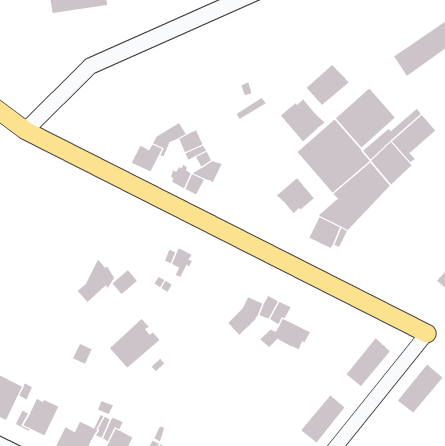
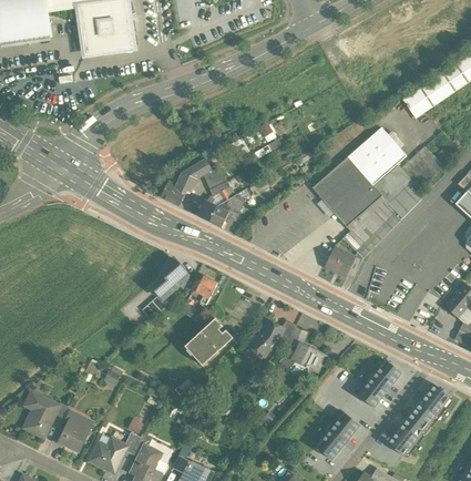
building: [306,64,350,106] -> none
building: [280,98,326,142] -> none
building: [276,177,315,214] -> none
building: [77,260,115,303] -> [153,259,188,299]
building: [109,318,160,368] -> [183,319,231,366]
building: none -> [387,418,421,453]

